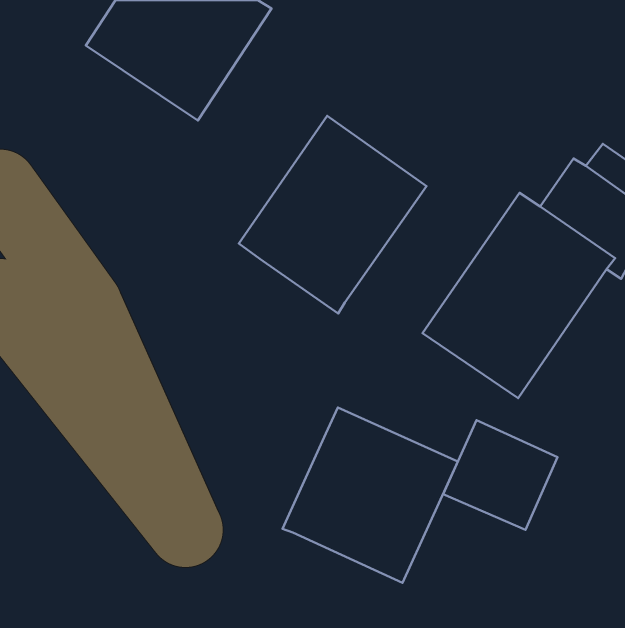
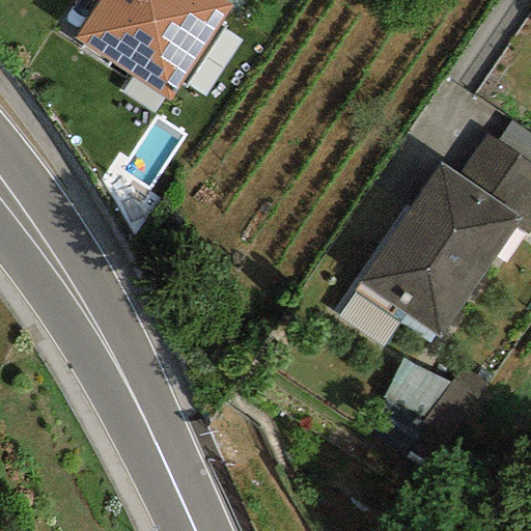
building: [239,116,426,314] -> none
building: [283,408,458,583] -> none

